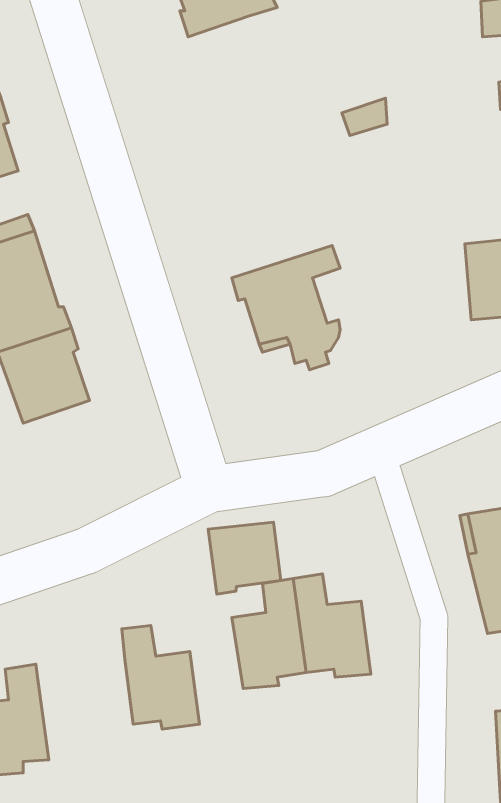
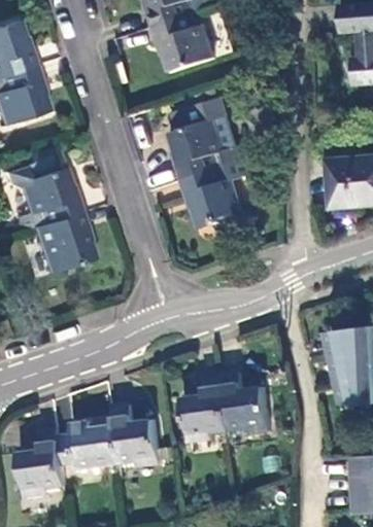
building: none -> [155,13,215,70]
building: none -> [171,96,246,180]
building: [208,522,281,594] -> none
building: none -> [59,419,120,469]

